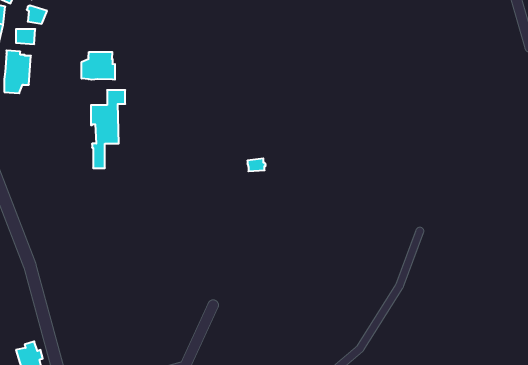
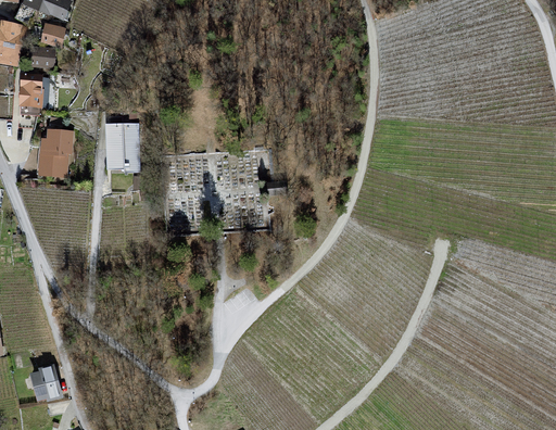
building: [82,52,115,80] -> none
building: none -> [40,131,70,166]

